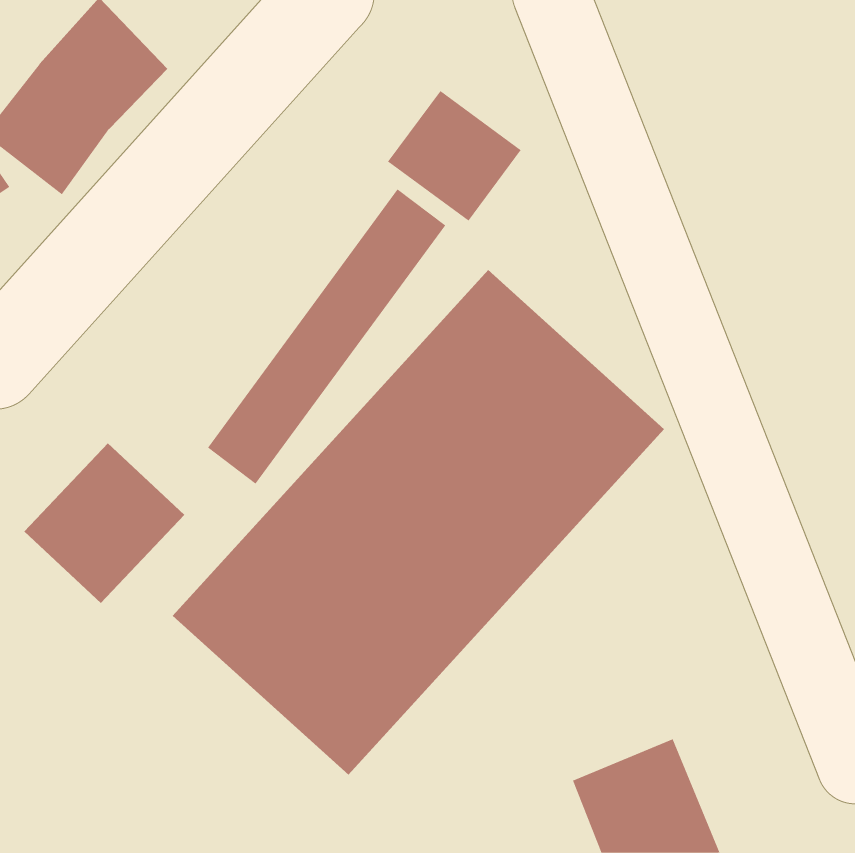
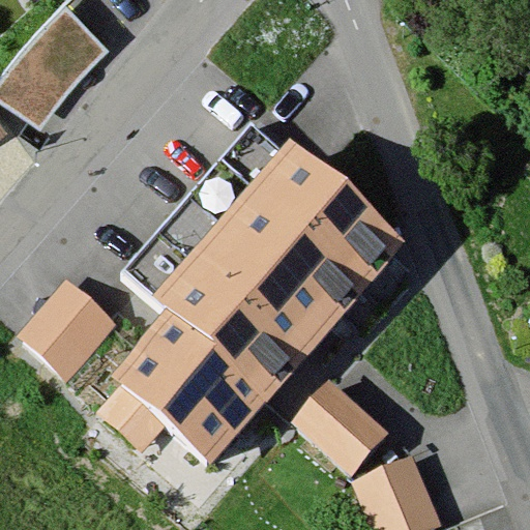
building: [387,90,522,222] -> none
building: none -> [293,390,381,477]

